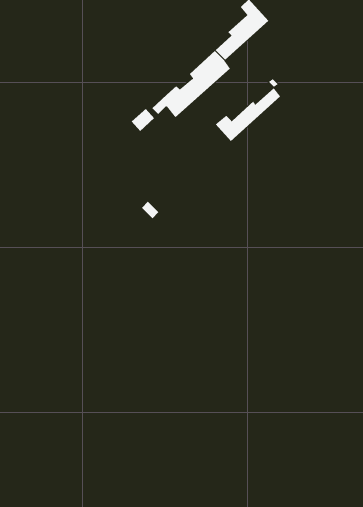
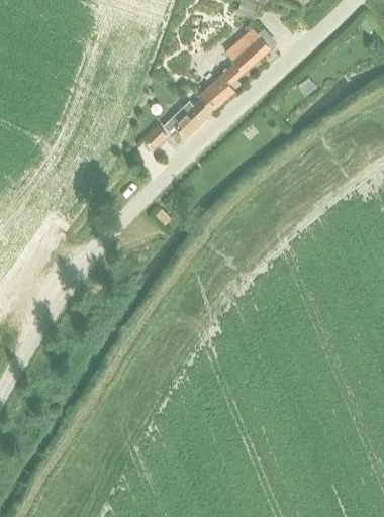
building: [215,88,281,142] -> none

